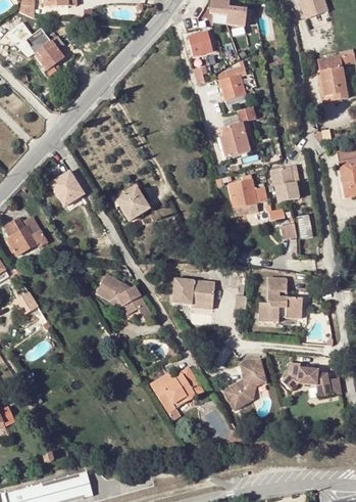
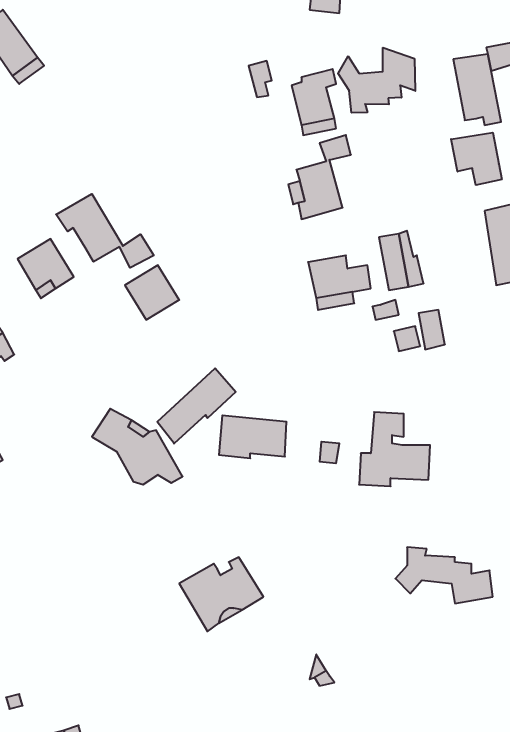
building: [187,31,212,54] -> none
building: none -> [338,48,415,113]
building: none -> [451,133,502,185]
building: none -> [56,194,154,268]
building: none -> [157,368,236,444]
building: [221,360,265,411] -> none

